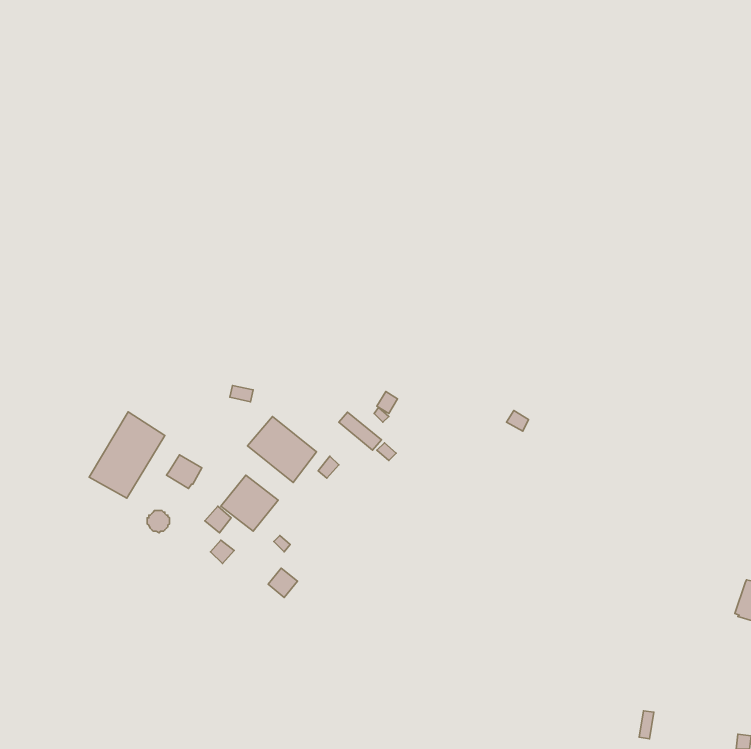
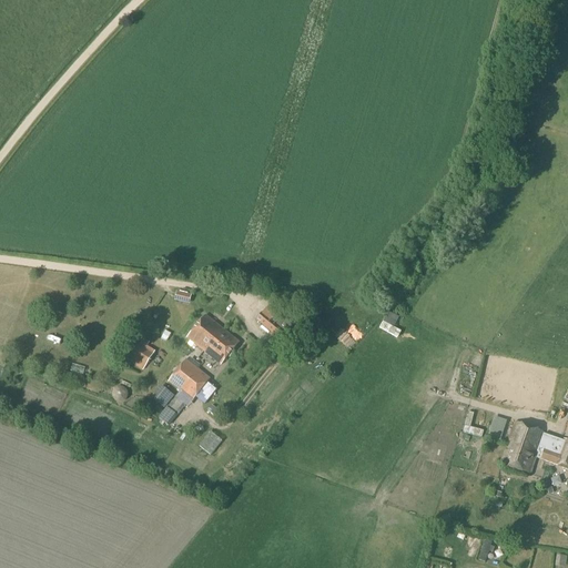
building: [89,412,165,498] -> none
building: none -> [500,420,546,473]

